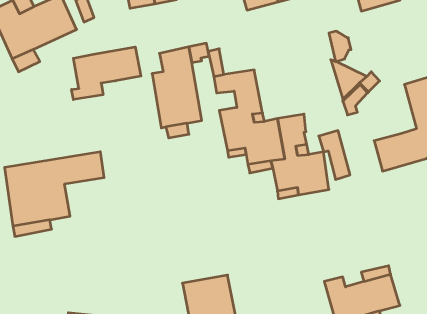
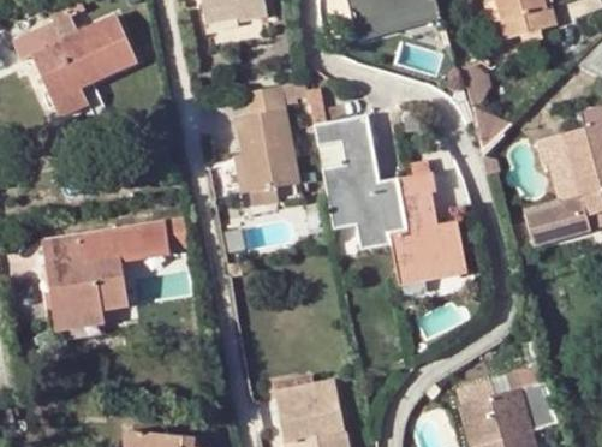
building: [72,47,141,100] -> none
building: [319,131,350,179] -> [538,133,579,197]

